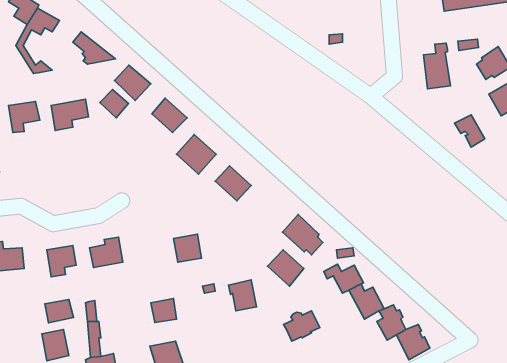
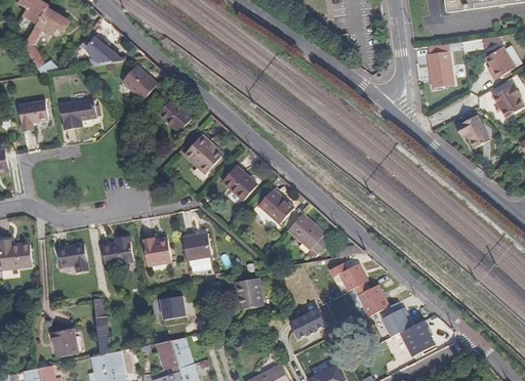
building: [100,90,129,118] -> none
building: none -> [140,238,169,265]
building: [268,250,304,286] -> [258,188,294,224]
building: [45,300,73,323] -> none

